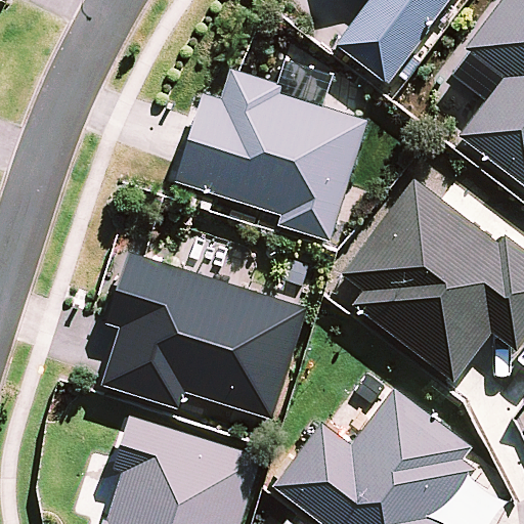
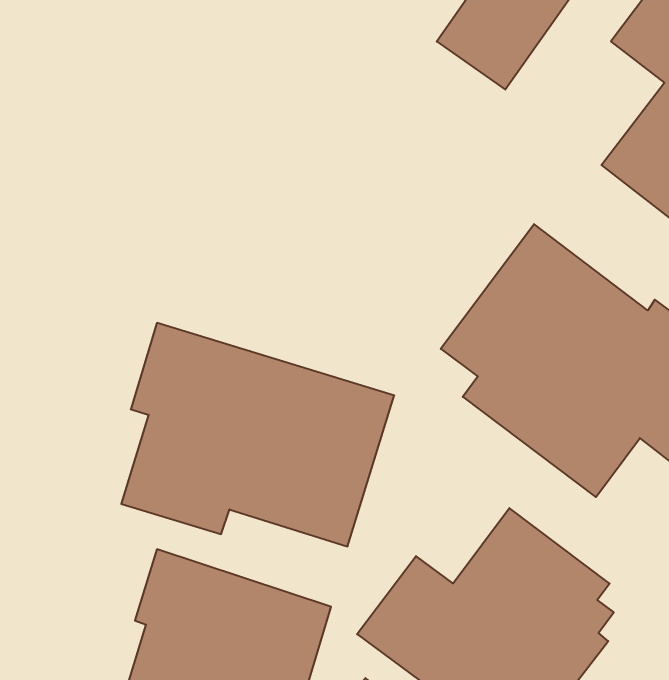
building: [179,70,365,234] -> none

